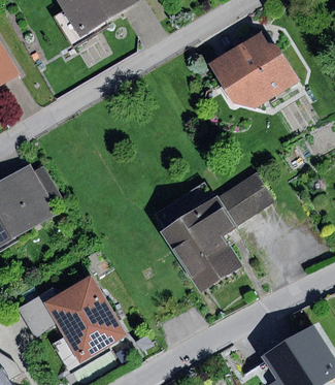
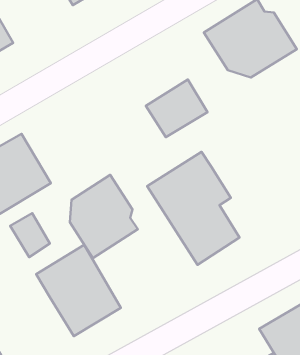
building: [214,170,275,227] -> [146,80,208,137]
building: none -> [70,175,138,258]
building: [16,295,56,339] -> [10,213,50,257]

